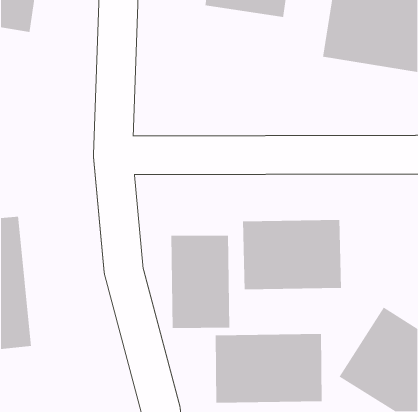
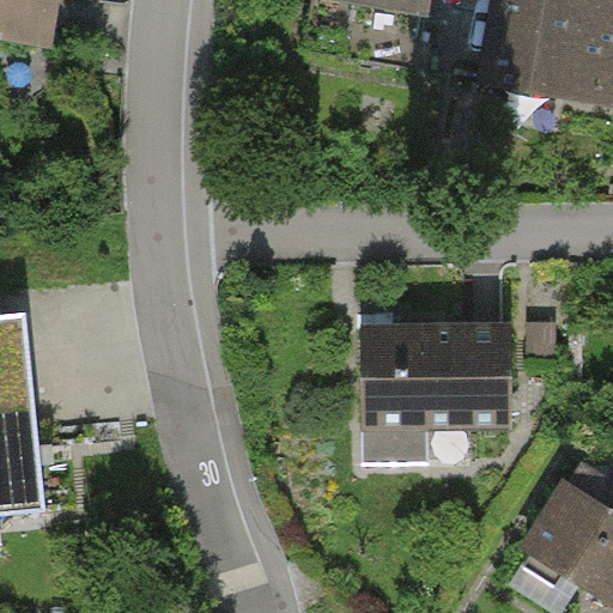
building: [170,235,230,329] -> none
building: [215,333,323,403] -> none

